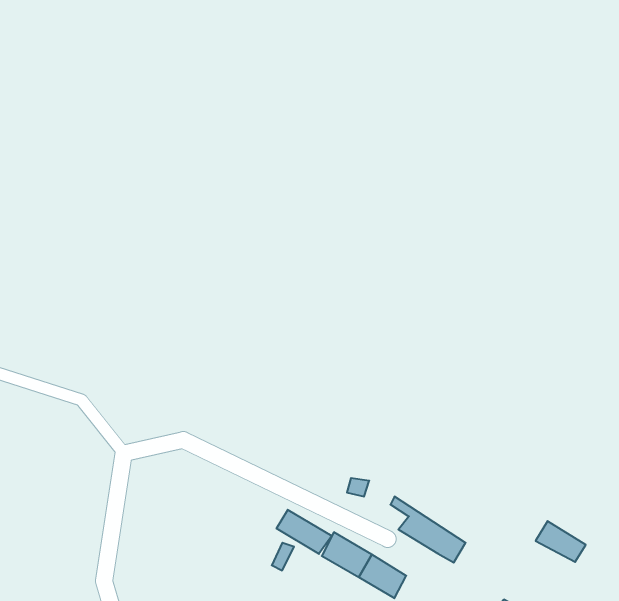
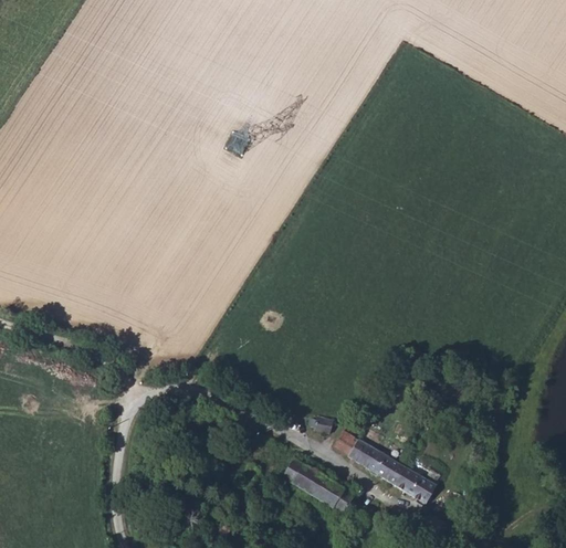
building: [277,510,332,554] -> none
building: [536,521,586,562] -> [392,466,434,500]

